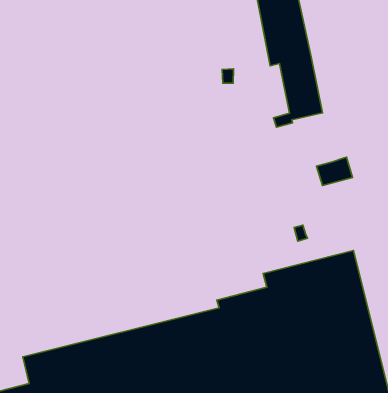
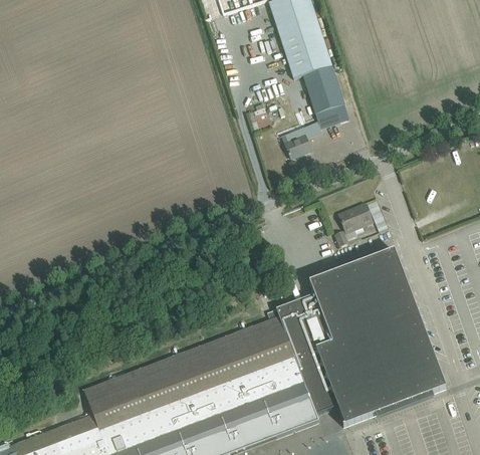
building: none -> [282,128,311,157]
building: [316,157,352,185] -> [338,201,375,231]

